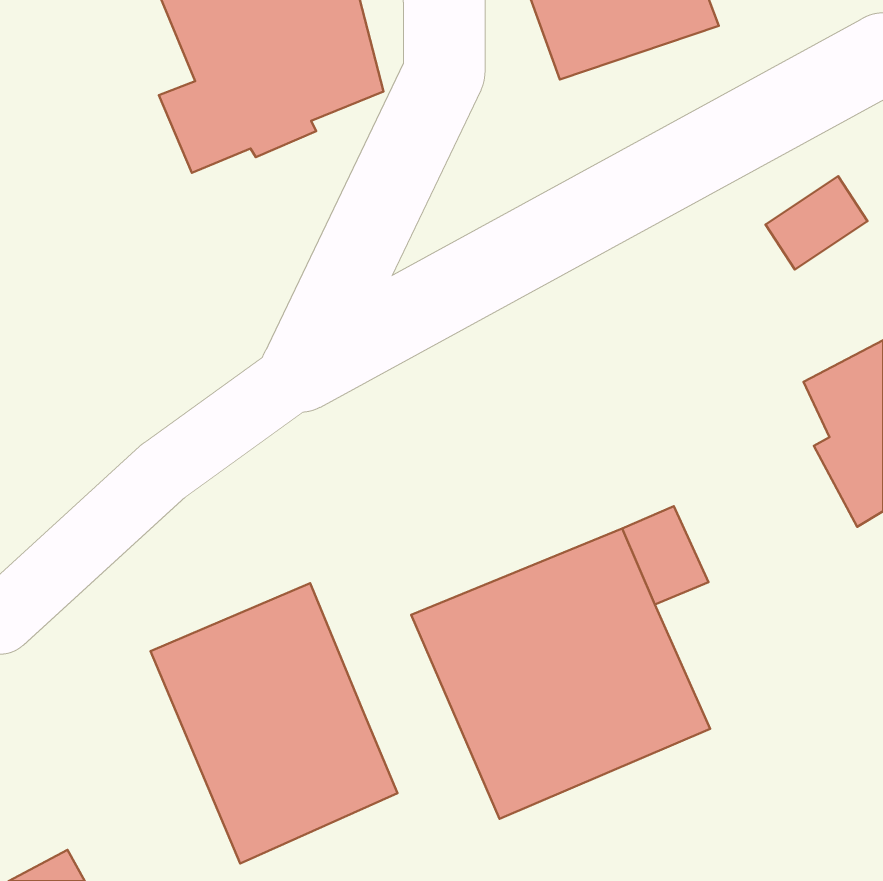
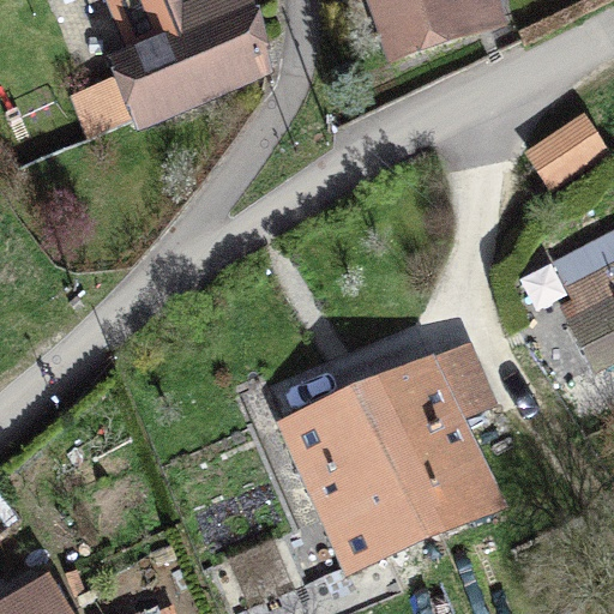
building: [151,583,398,864] -> none

